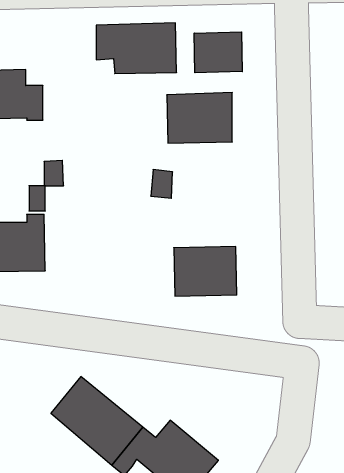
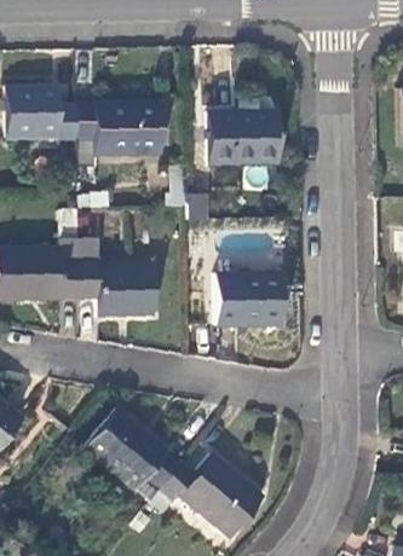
building: [96,23,177,74] -> [77,100,162,154]
building: [194,32,242,73] -> none
building: none -> [79,238,154,314]

